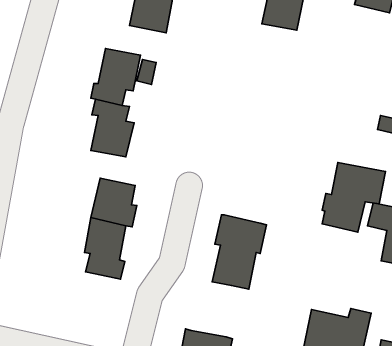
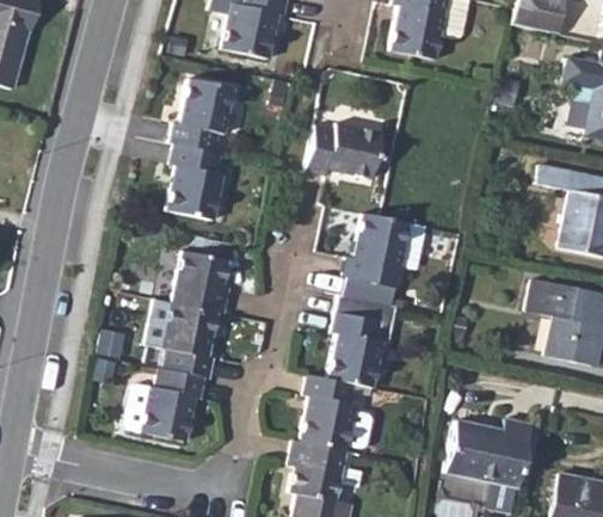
building: none -> [307,122,383,177]
building: [322,162,386,232] -> [344,215,426,306]
building: none -> [118,368,203,439]
building: none -> [301,377,357,454]

